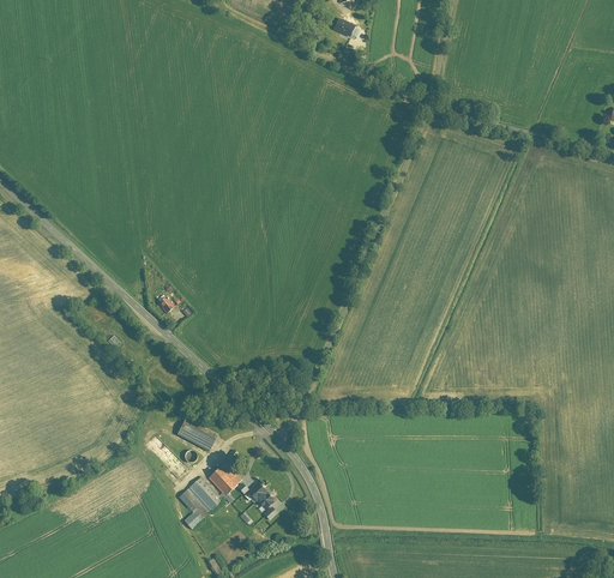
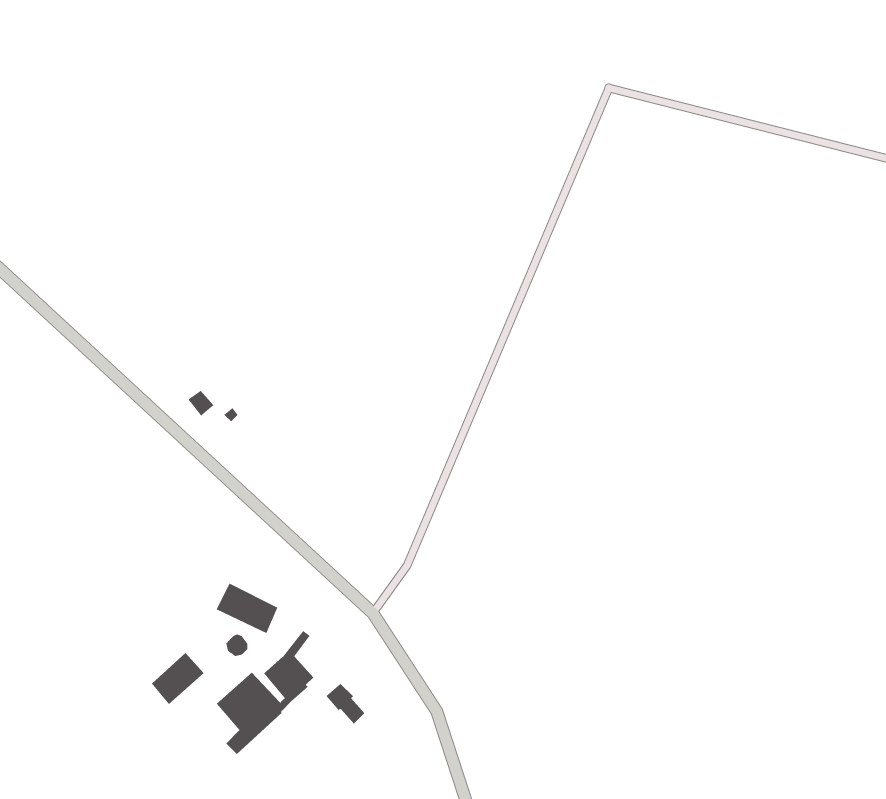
building: none -> [151,652,205,705]

